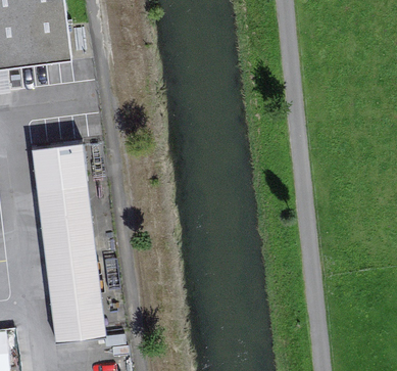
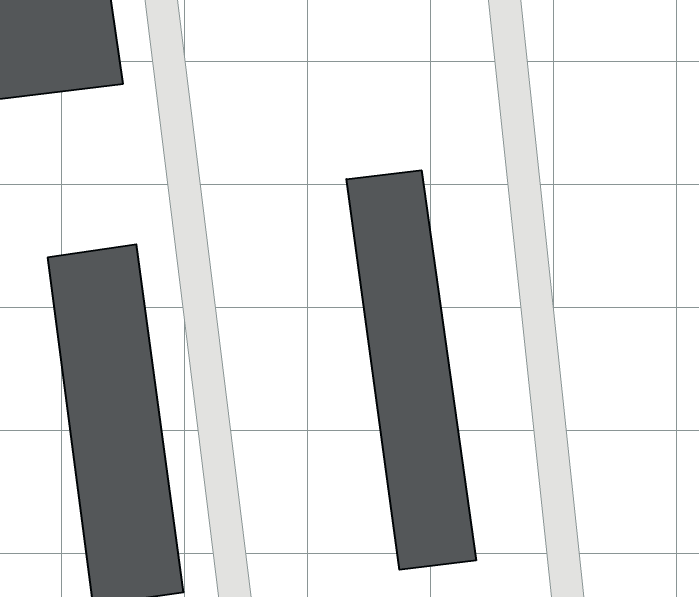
building: none -> [346,170,476,570]

